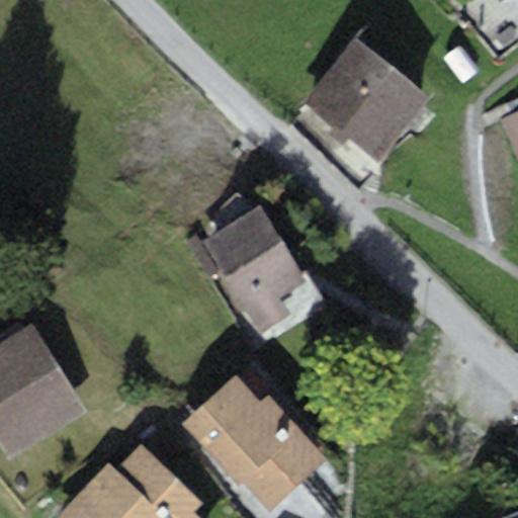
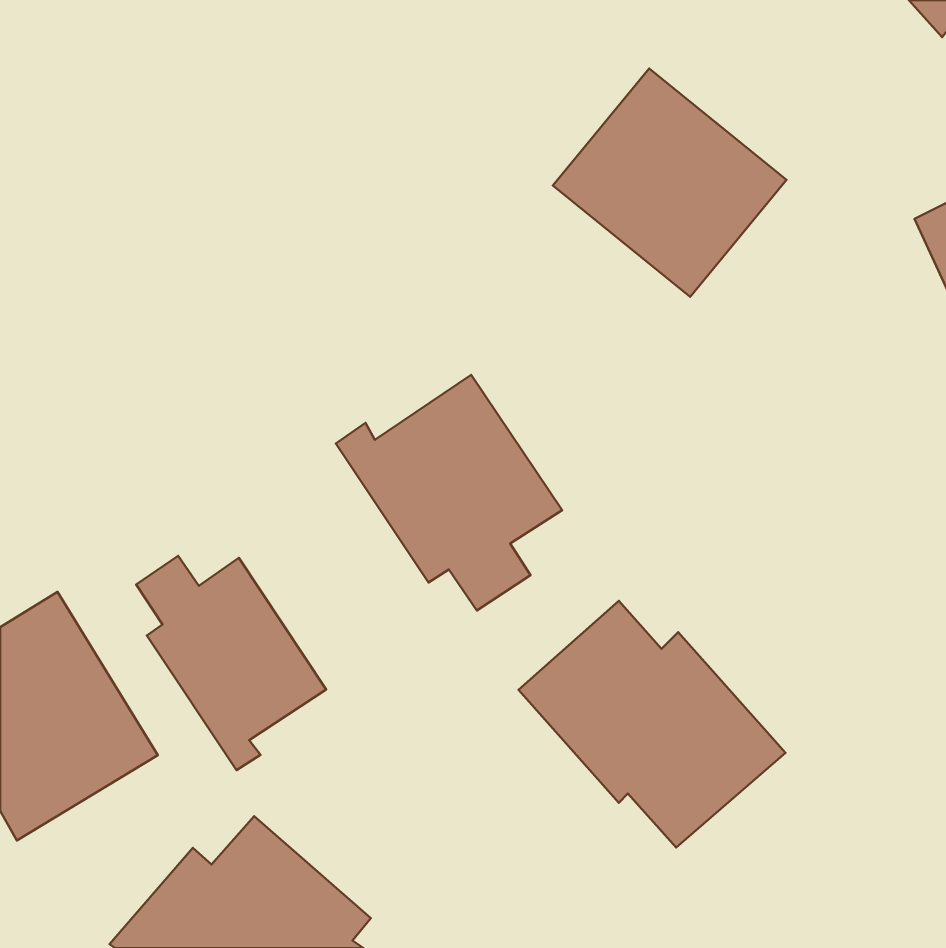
building: none -> [136,556,326,770]
building: [182,376,328,511] -> [519,601,786,847]

